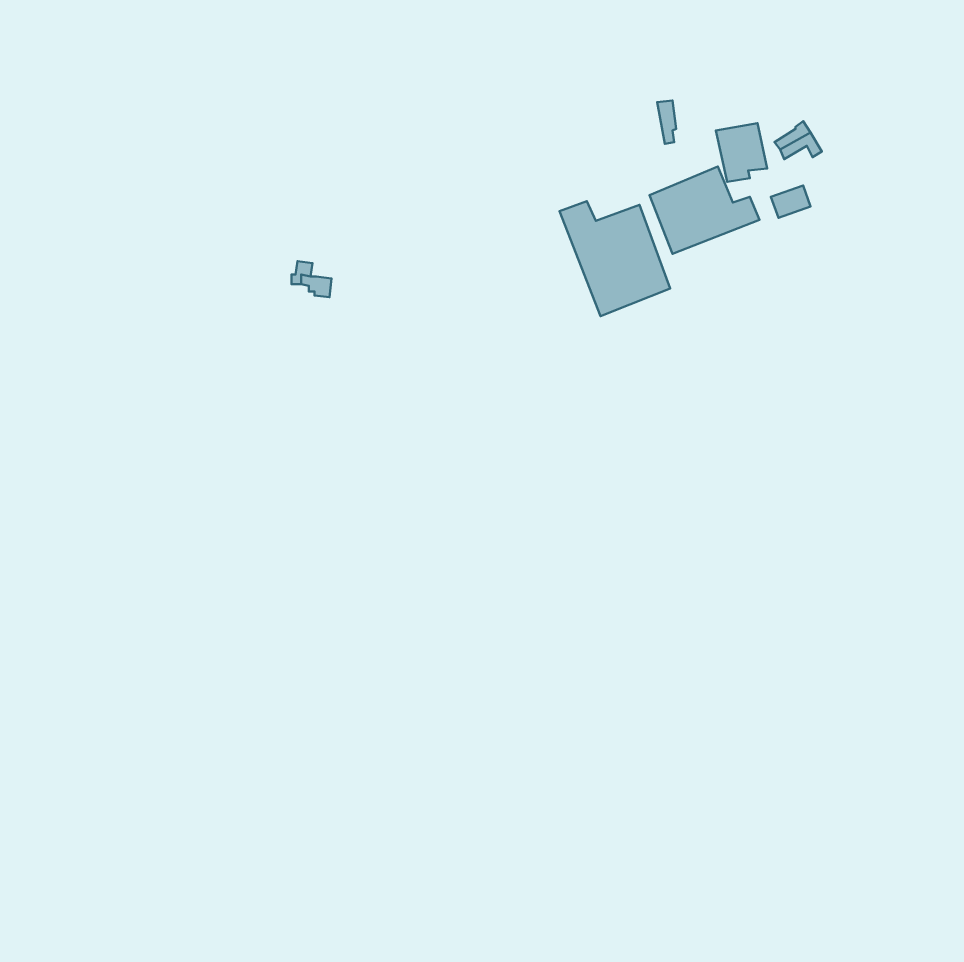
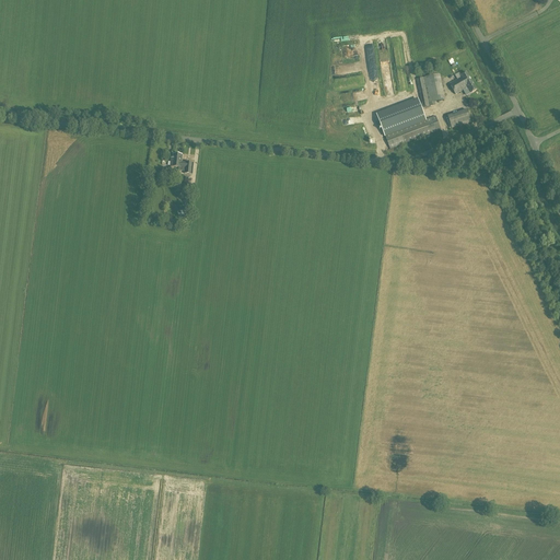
building: [559,201,670,316] -> none

